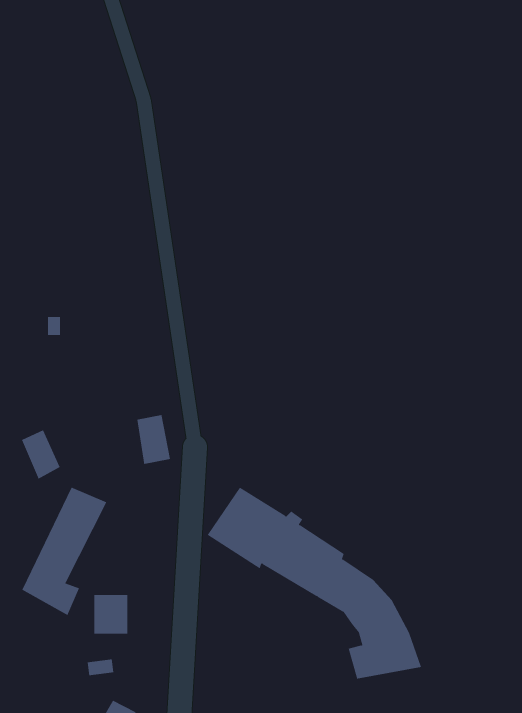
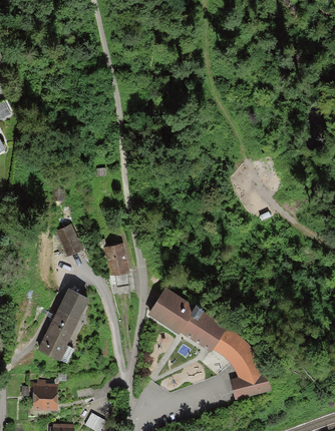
building: [21,429,61,479] -> [57,224,80,253]
building: [94,594,128,634] -> [33,384,53,407]

